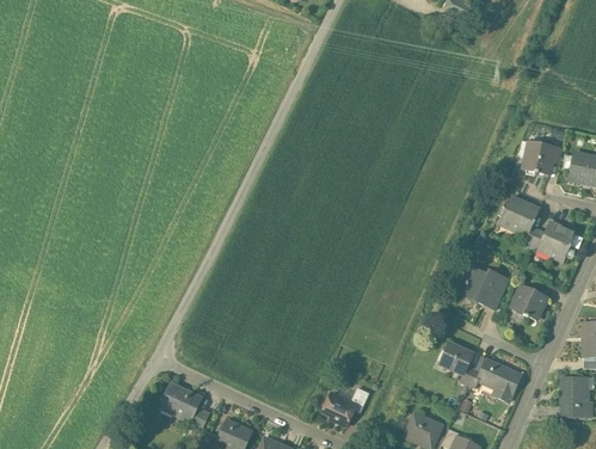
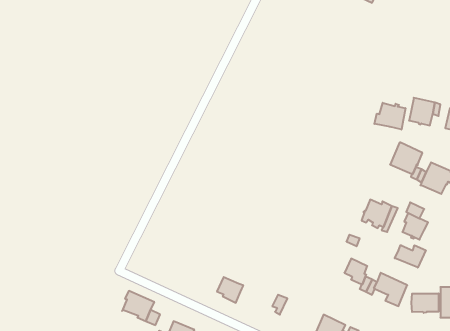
building: none -> [374,103,405,130]
building: none -> [395,245,426,268]
building: none -> [411,293,439,313]
building: [322,393,356,425] -> [217,277,243,303]

